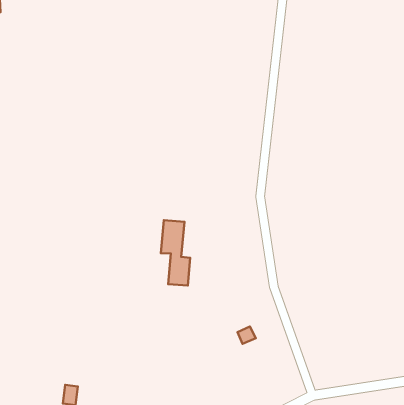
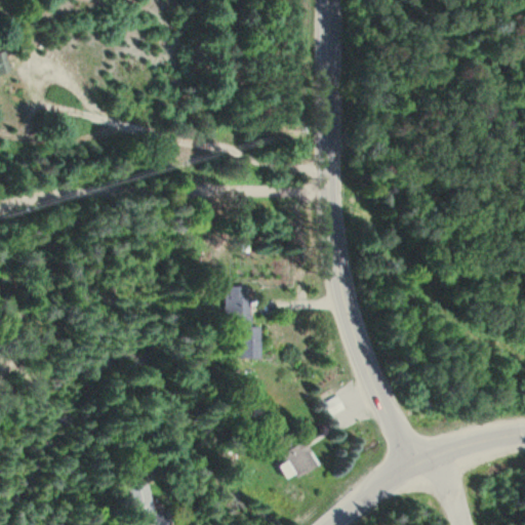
building: none -> [280,438,320,484]

